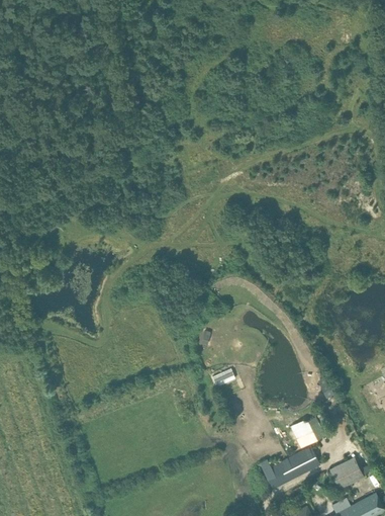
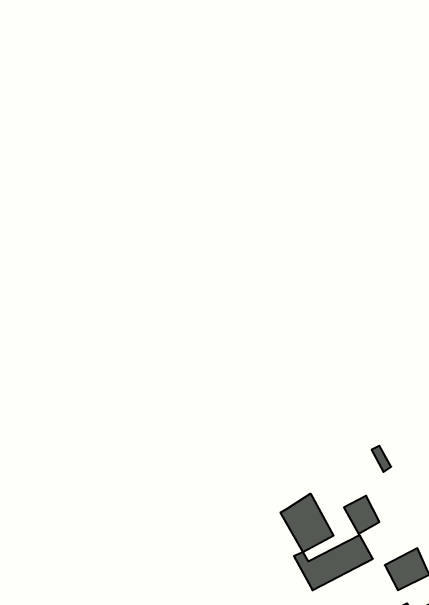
building: none -> [281,494,334,552]

